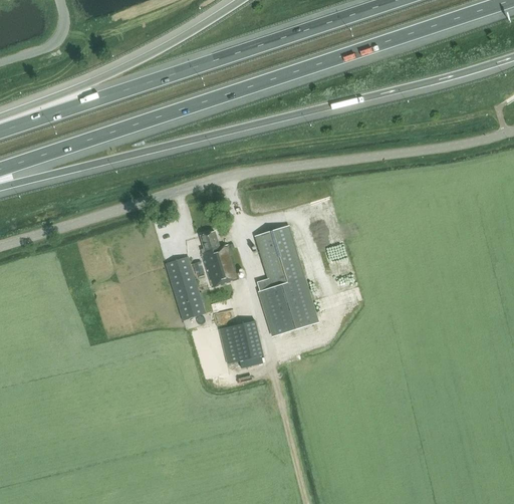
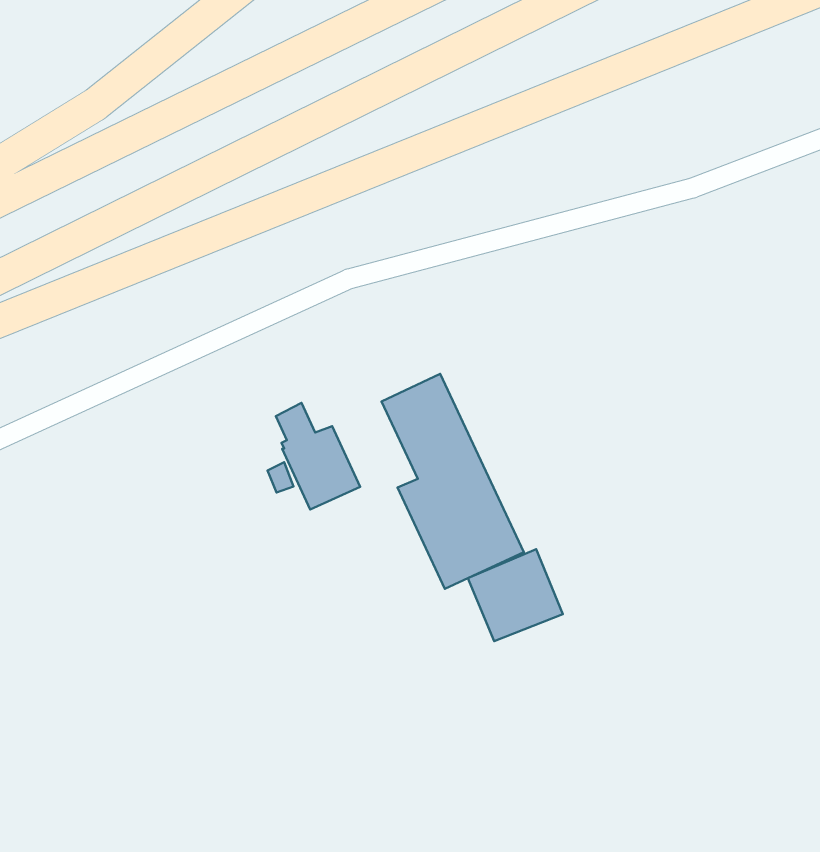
building: [165,257,204,319] -> none
building: [218,319,264,363] -> [468,549,563,641]

